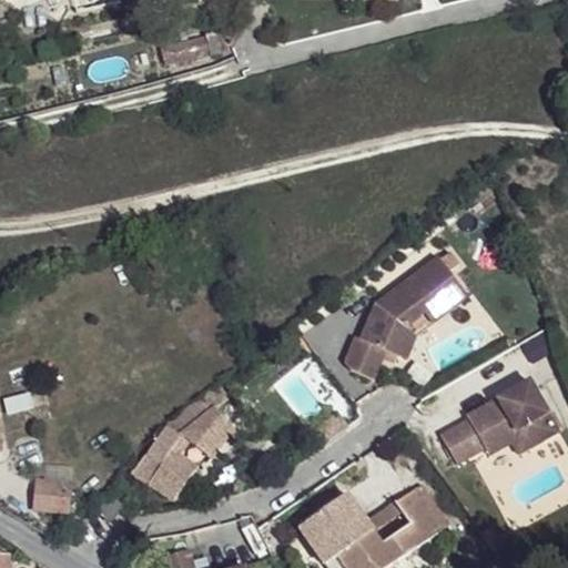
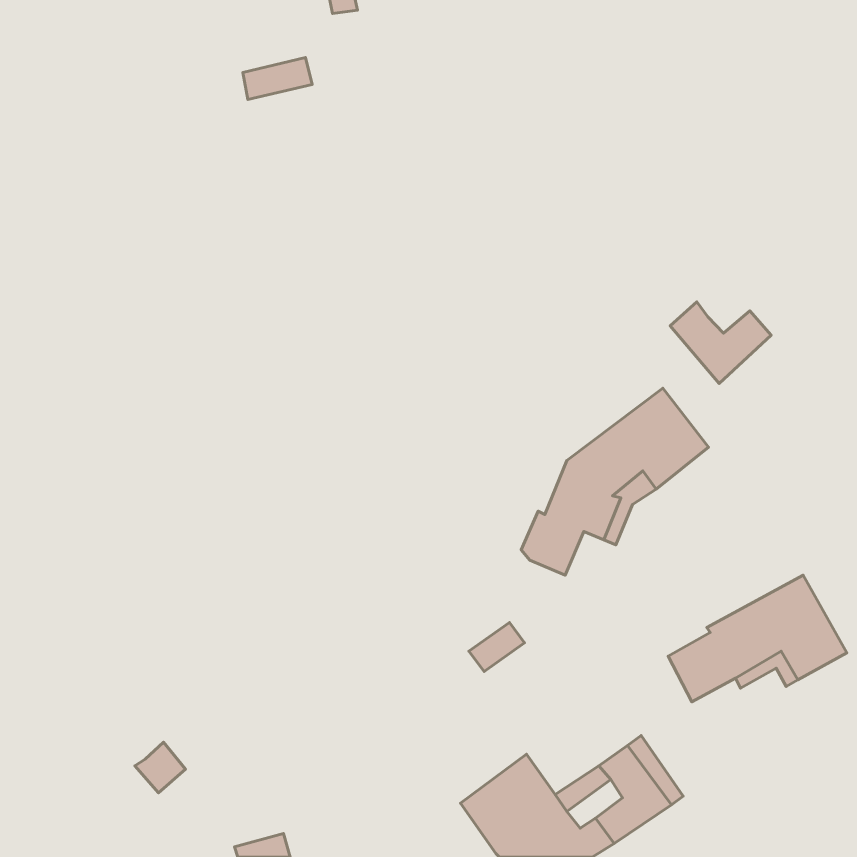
building: none -> [670,302,771,383]
building: [131,384,233,504] -> none
building: [33,481,71,514] -> none

